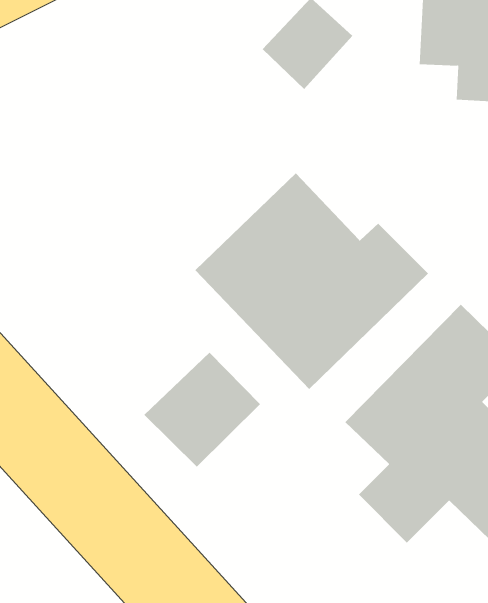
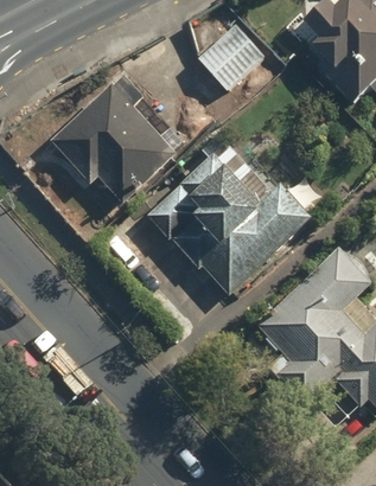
building: none -> [49,83,178,202]
building: [144,352,261,467] -> none

